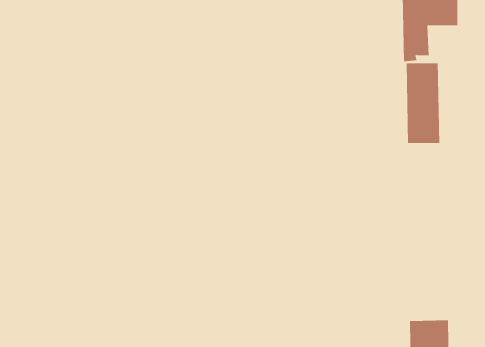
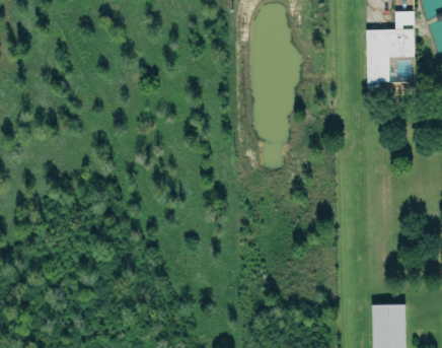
building: [406,62,440,144] -> none

